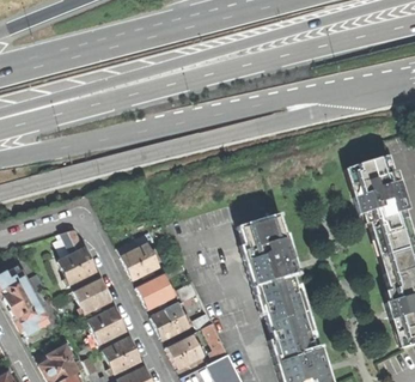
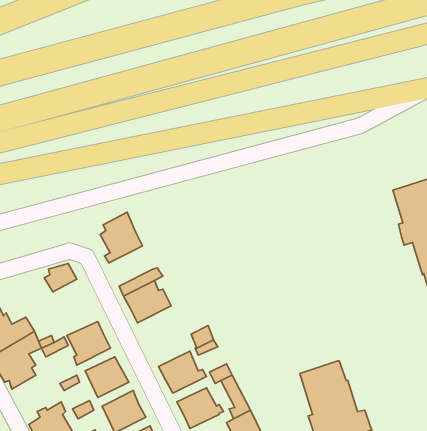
building: [242,218,303,323] -> none
building: [59,243,94,286] -> [100,212,143,263]
building: [136,274,176,310] -> none

